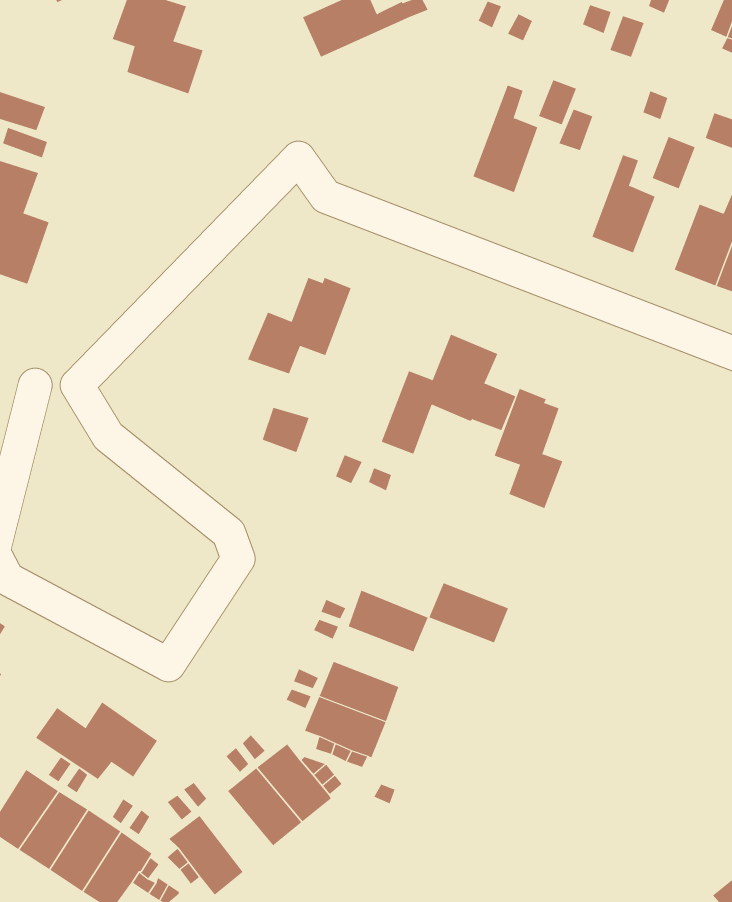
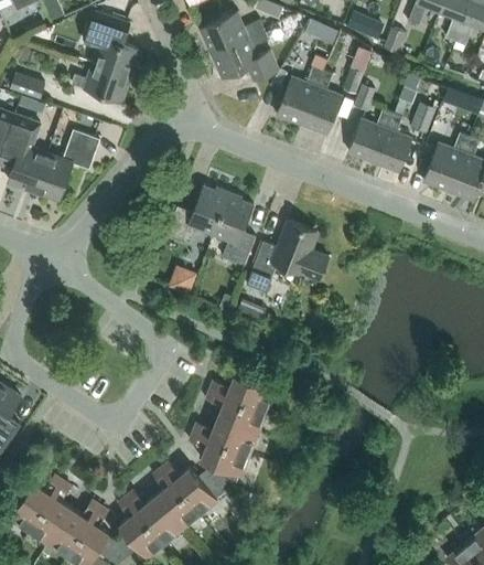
building: none -> [211,29,279,81]
building: none -> [72,62,131,100]
building: none -> [277,66,323,125]
building: none -> [348,108,392,161]
building: none -> [34,129,100,199]
building: [494,388,563,509] -> [214,192,256,265]
building: [428,583,509,643] -> [218,396,267,433]
building: [35,702,158,780] -> none
building: none -> [138,495,182,544]

